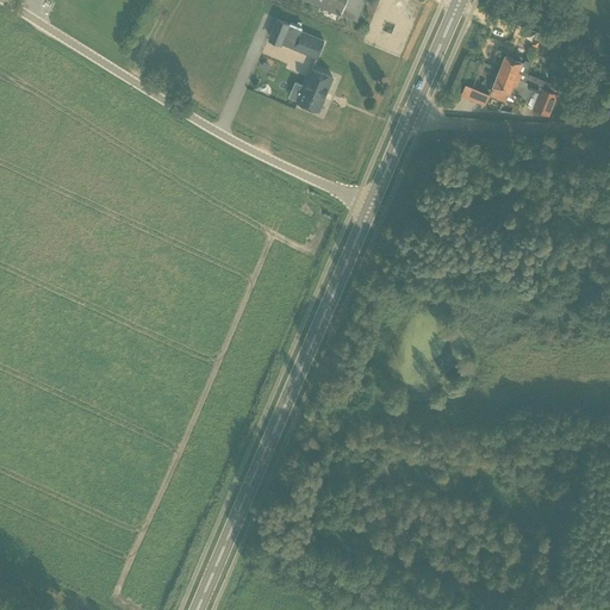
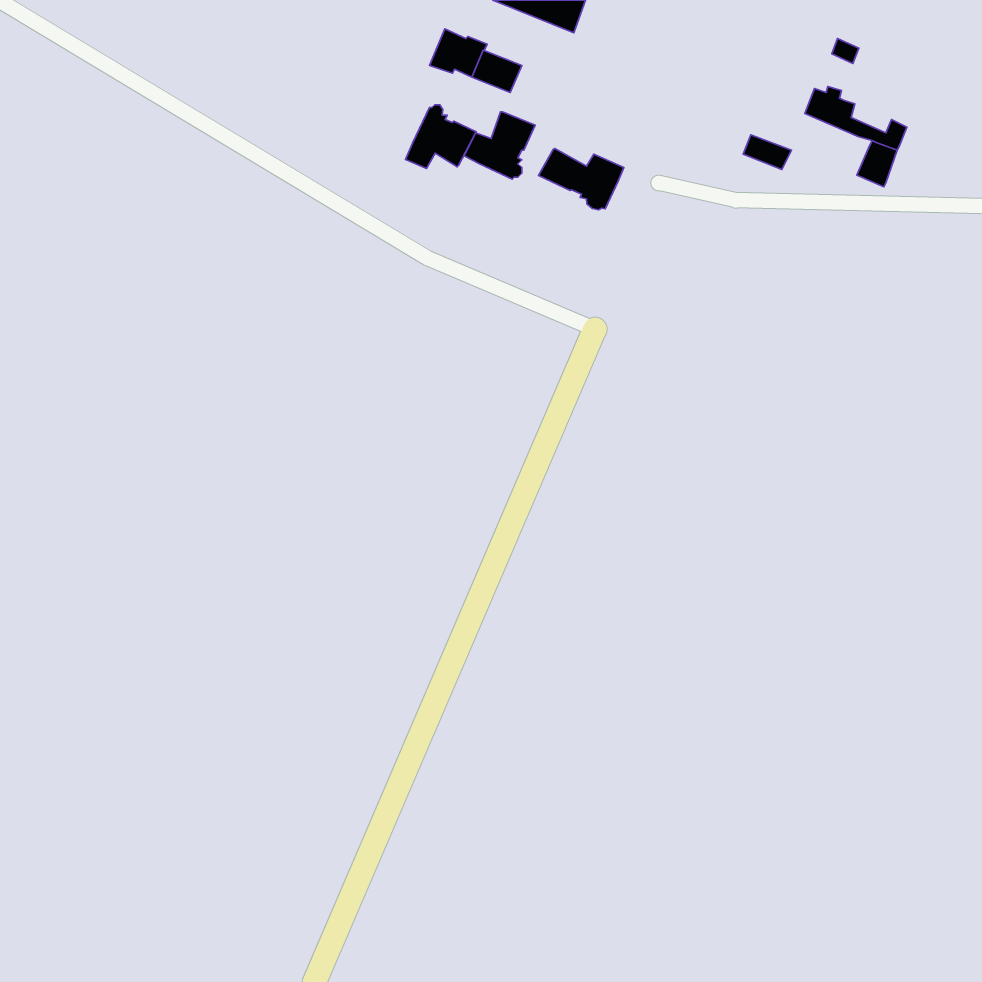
building: none -> [405,105,476,169]
building: [491,71,540,101] -> none
building: none -> [538,148,624,210]

